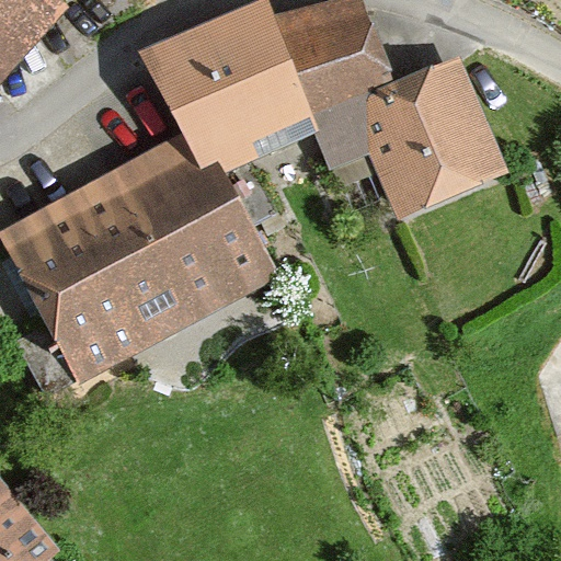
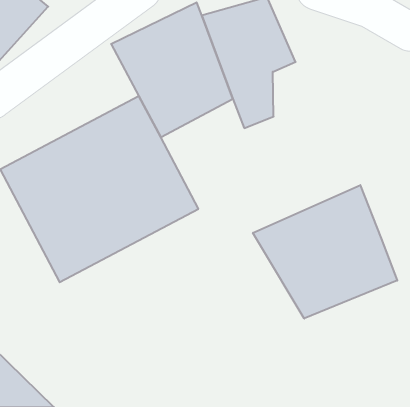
building: [366,57,506,220] -> none
building: none -> [253,185,397,319]

